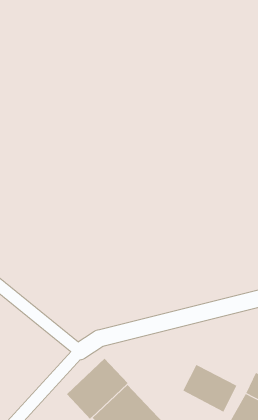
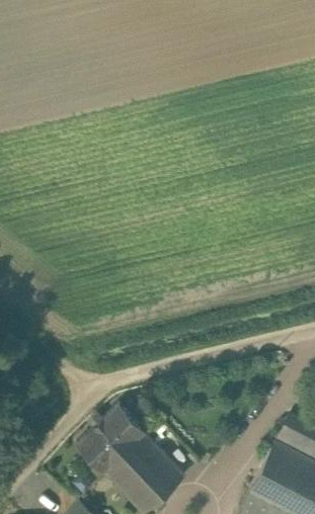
building: [183,364,237,412] -> none

